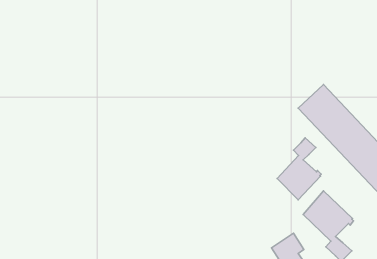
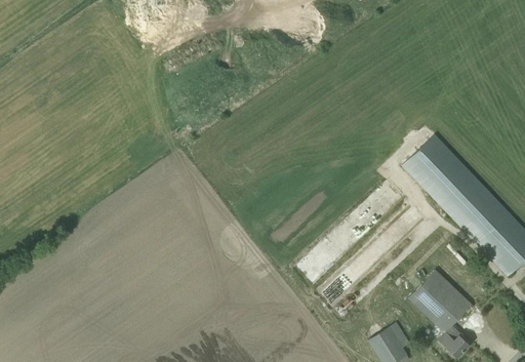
building: [277,138,321,200] -> none

